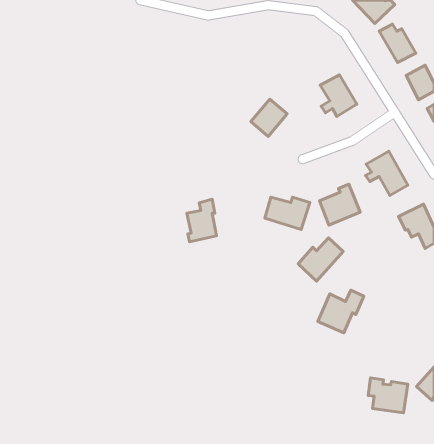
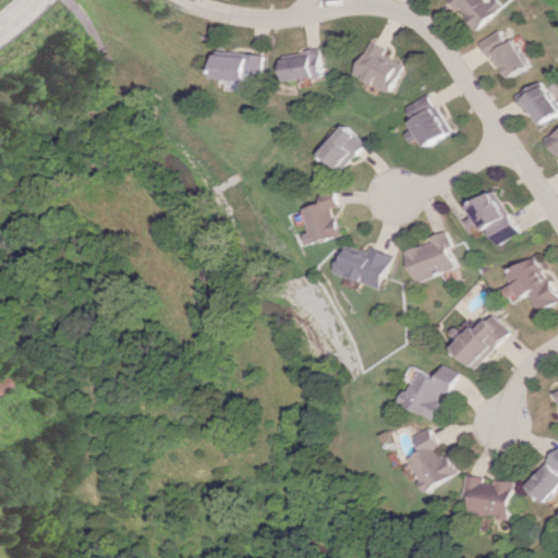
building: none -> [351,41,400,90]
building: none -> [279,50,319,82]
building: none -> [213,52,260,81]
building: [187,199,216,242] -> [301,190,338,243]
building: [298,238,343,281] -> [450,314,507,368]
building: none -> [408,426,458,490]

